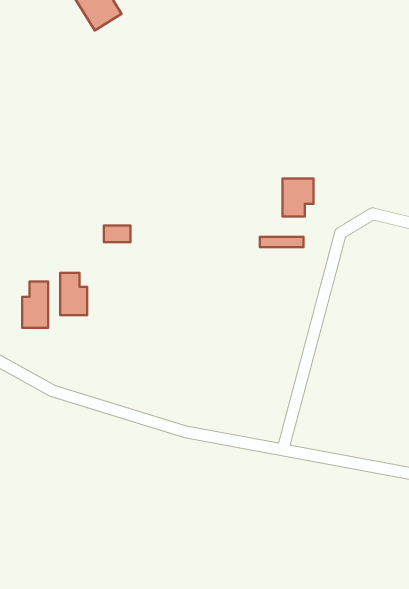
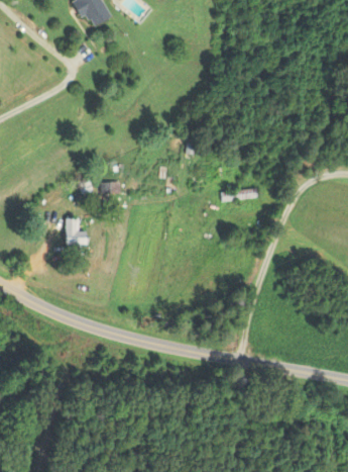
building: [283,179,314,217] -> none
building: [22,281,48,328] -> none

